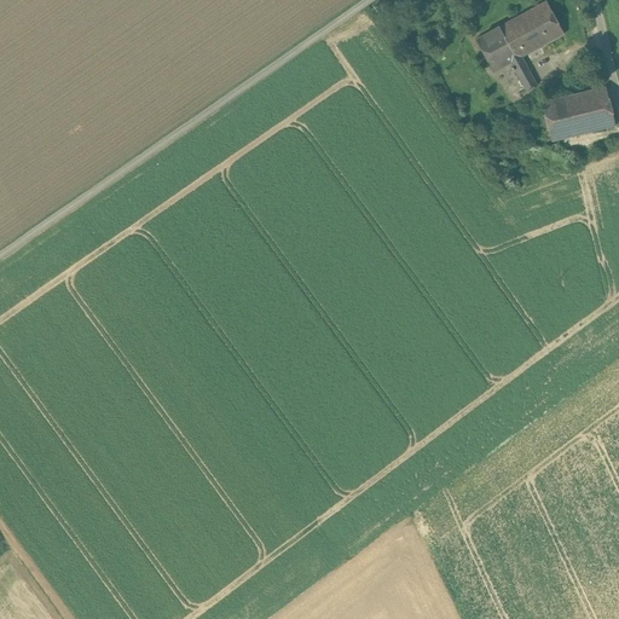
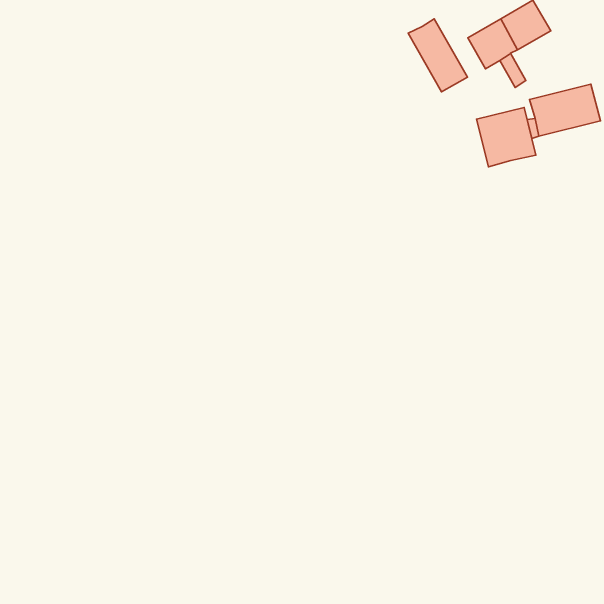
building: none -> [408,19,468,92]
building: none -> [477,108,536,167]

